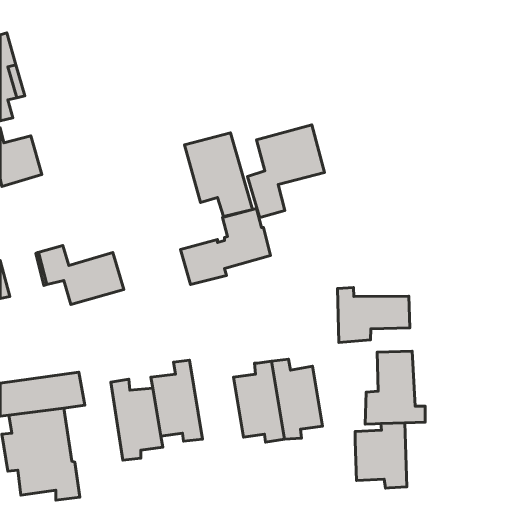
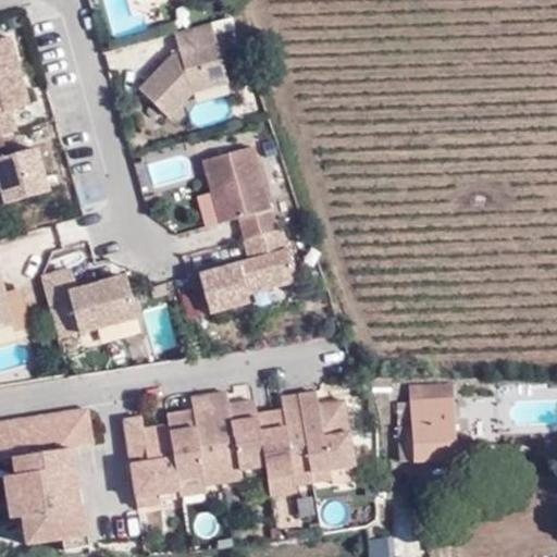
building: none -> [137,23,226,119]
building: [248,125,324,218] -> none
building: [337,288,410,342] -> none
building: none -> [208,392,264,480]
building: [355,423,407,488] -> none

